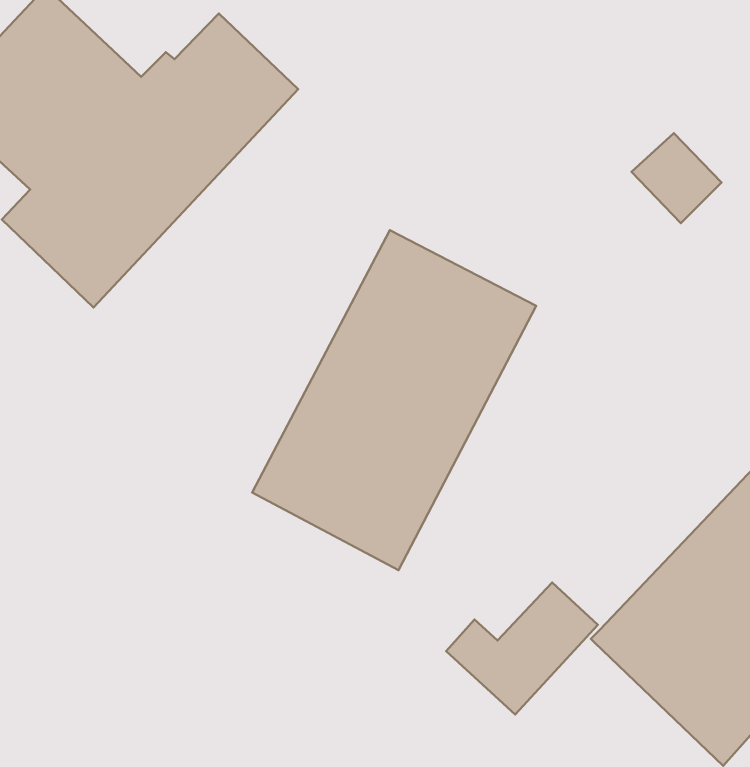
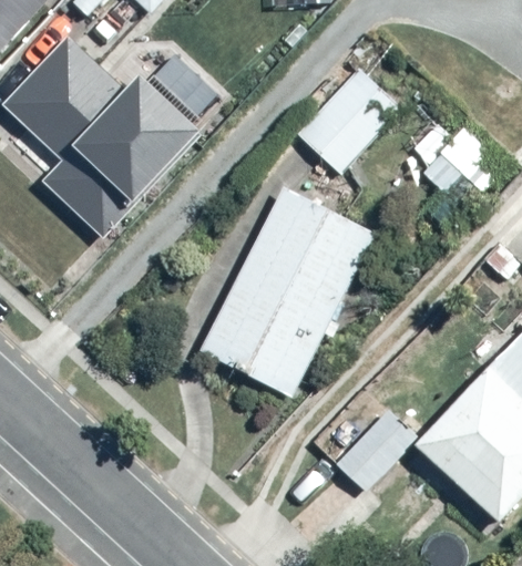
building: none -> [300,68,405,175]

